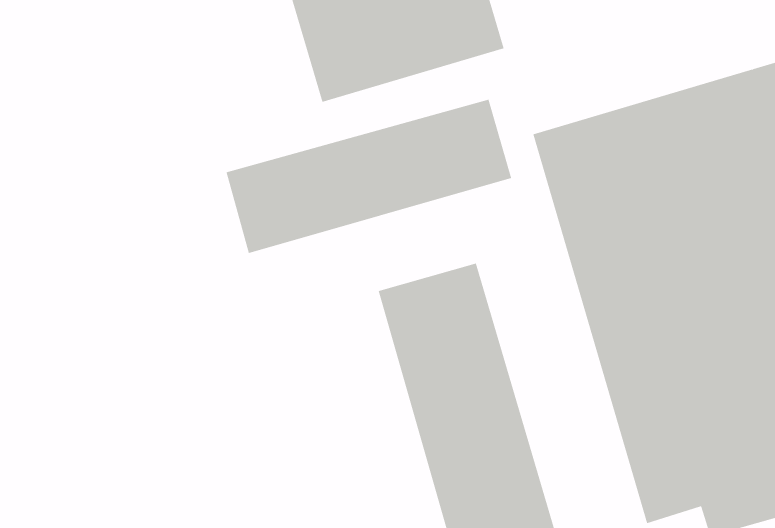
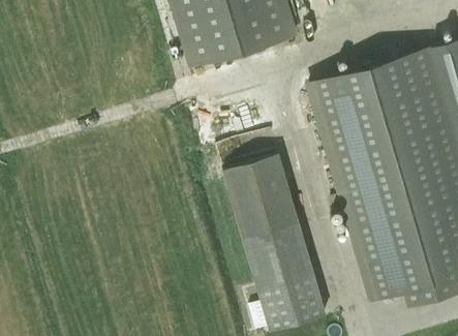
building: [226,99,512,254] -> none

